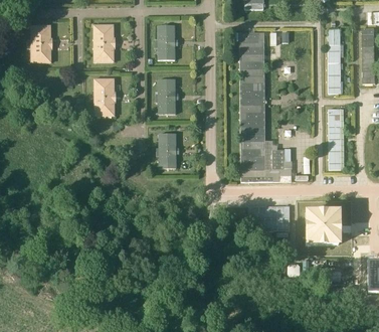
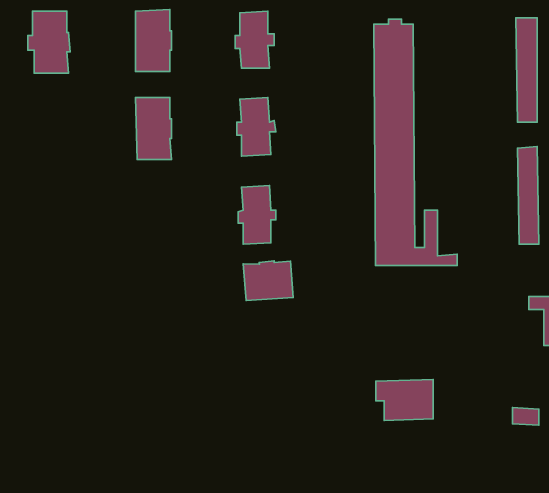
building: none -> [243,261,293,300]
building: [254,205,290,230] -> [376,380,433,420]
building: [308,212,338,243] -> none

